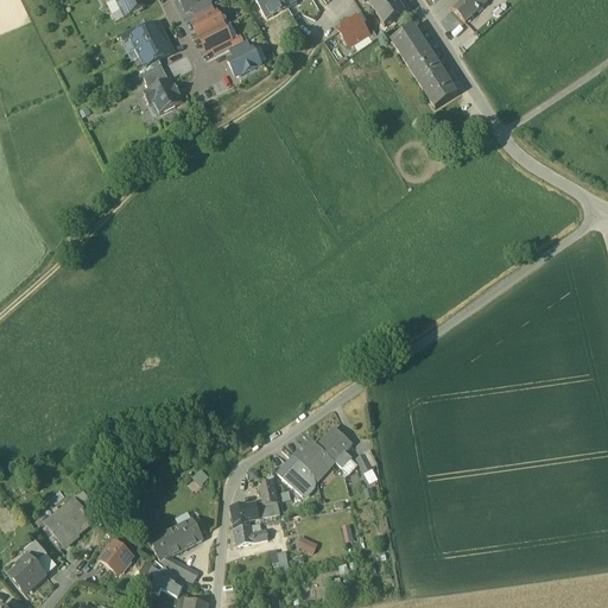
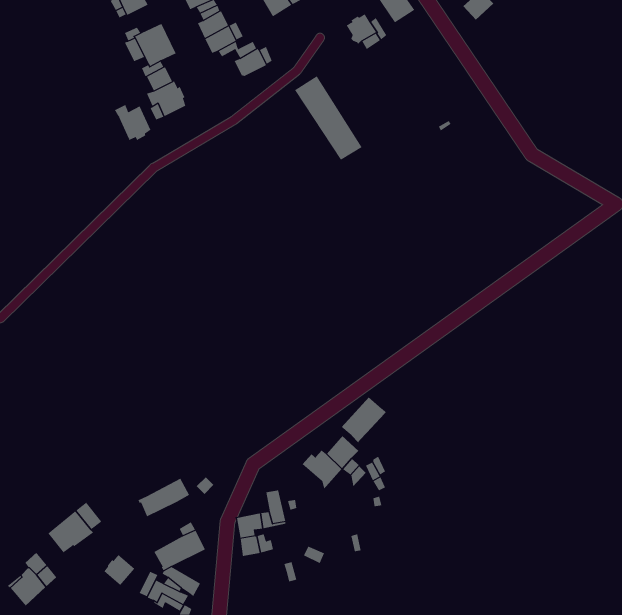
building: [391,23,457,106] -> [294,76,362,161]
building: none -> [114,104,151,141]
building: none -> [341,397,387,443]
building: [277,452,316,493] -> none
building: none -> [138,478,190,517]

